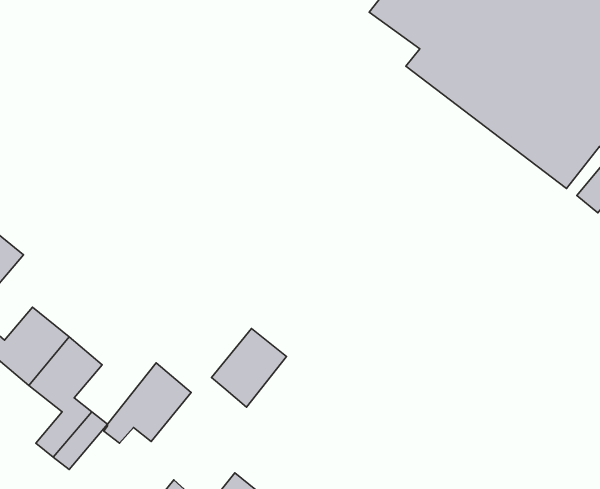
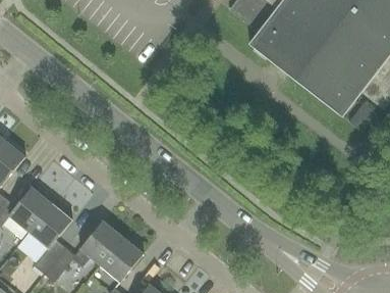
building: [211,329,287,407] -> [100,236,144,282]

